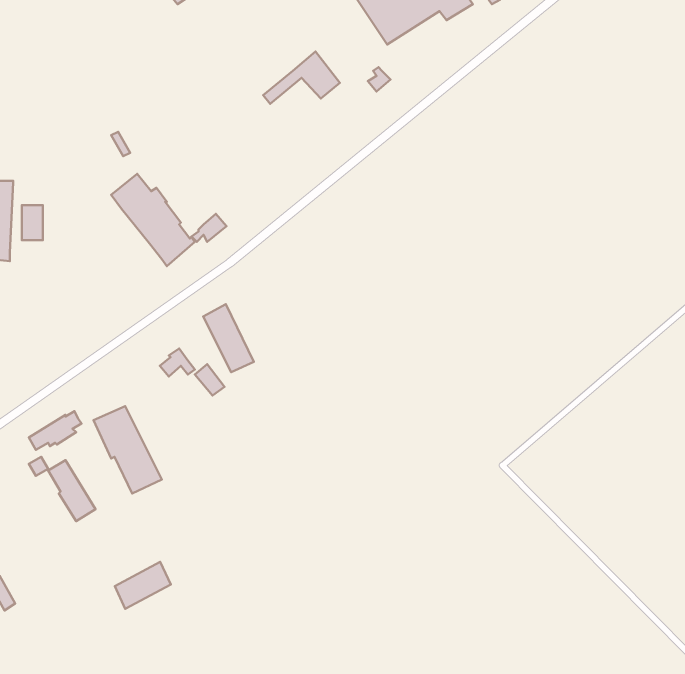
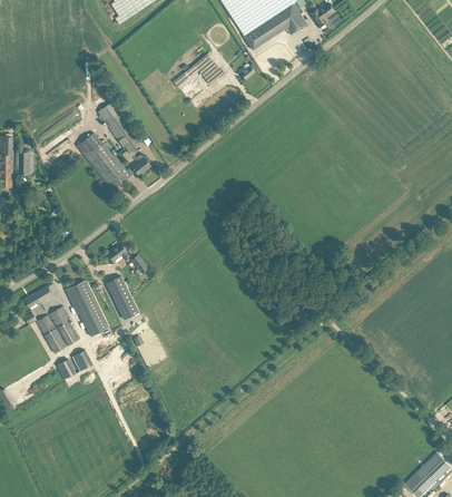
building: none -> [97,101,139,150]
building: [203,304,254,372] -> [106,274,138,318]
building: none -> [48,304,78,344]
building: [115,562,171,609] -> [56,348,91,378]

